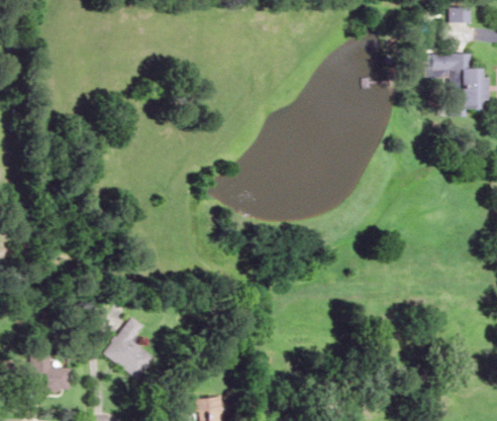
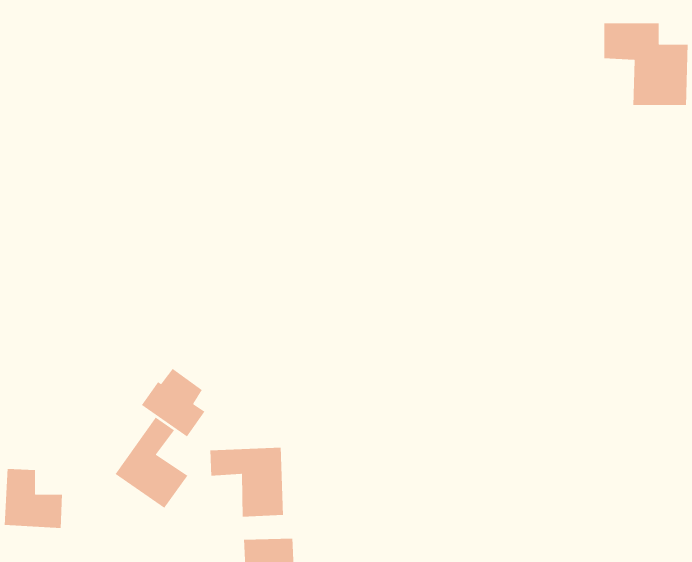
building: none -> [141,368,205,437]
building: none -> [210,447,284,518]

